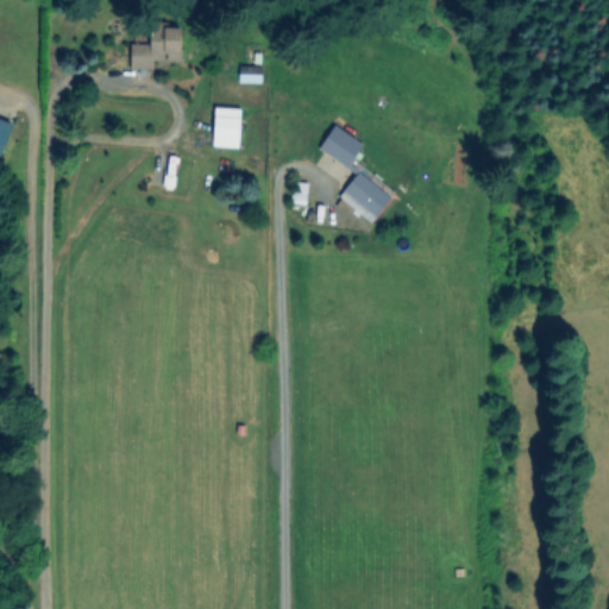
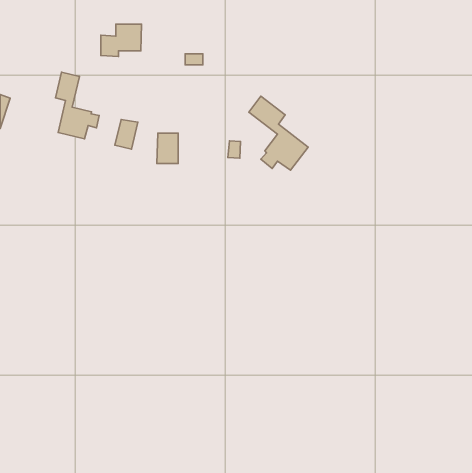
building: none -> [55,72,99,139]
building: [213,109,240,149] -> [157,133,178,164]

